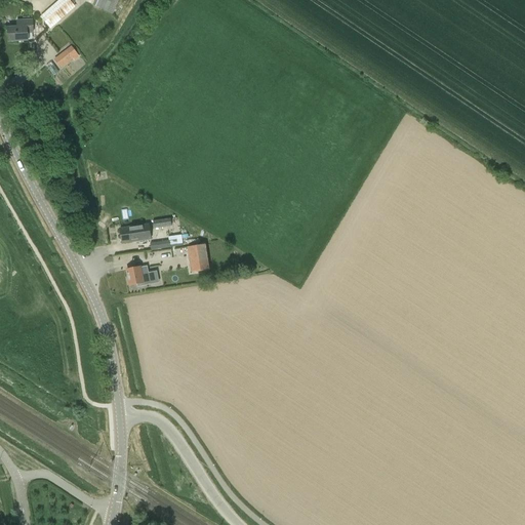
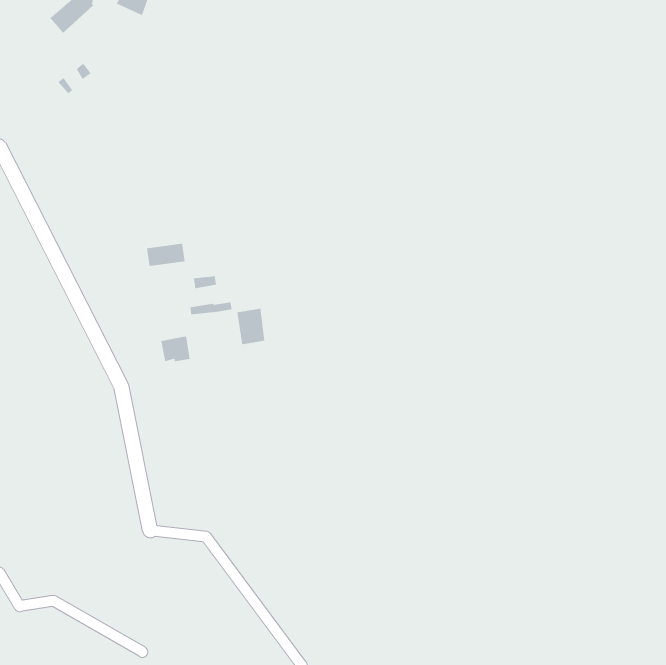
building: [6,17,32,40] -> none
building: [119,223,150,241] -> [146,243,185,267]

